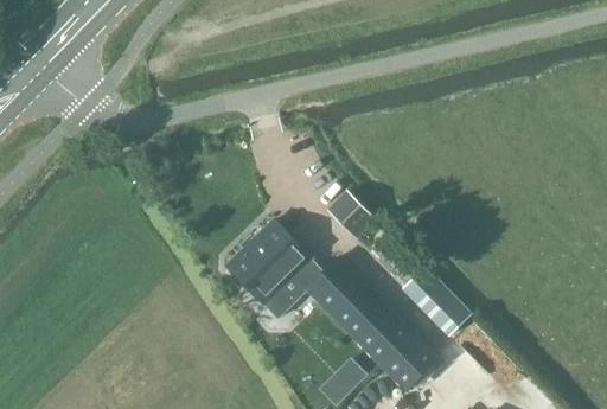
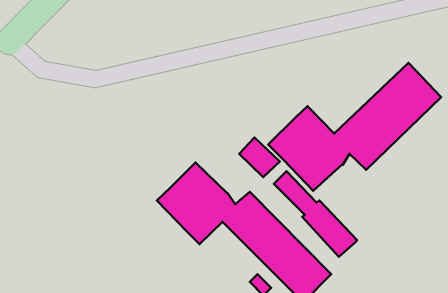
building: none -> [268,63,441,191]

